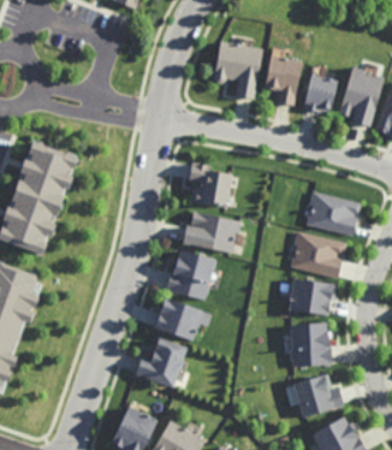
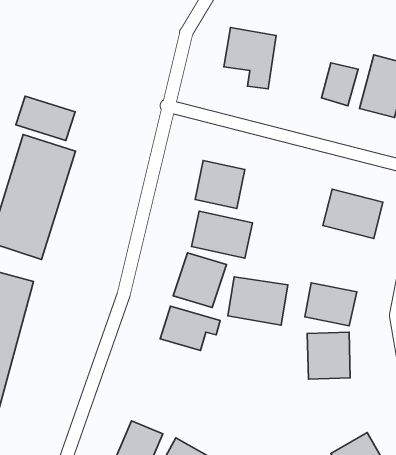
building: [265,55,301,105] -> none
building: none -> [16,96,75,140]
building: [290,232,345,277] -> [228,277,288,325]
building: [135,337,185,386] -> none
building: [293,373,341,416] -> none

